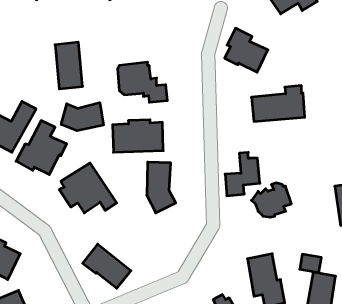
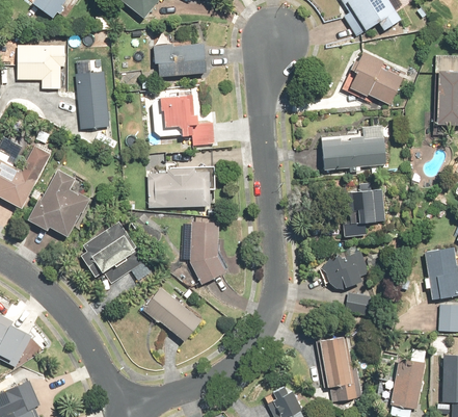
building: none -> [152,43,206,77]
building: none -> [17,44,64,88]
building: [225,28,268,72] -> [349,50,403,105]
building: [61,103,103,131] -> none
building: [225,152,260,196] -> [342,182,385,236]
building: [83,244,131,288] -> [141,286,201,341]
building: [300,254,321,273] -> [344,291,371,314]

